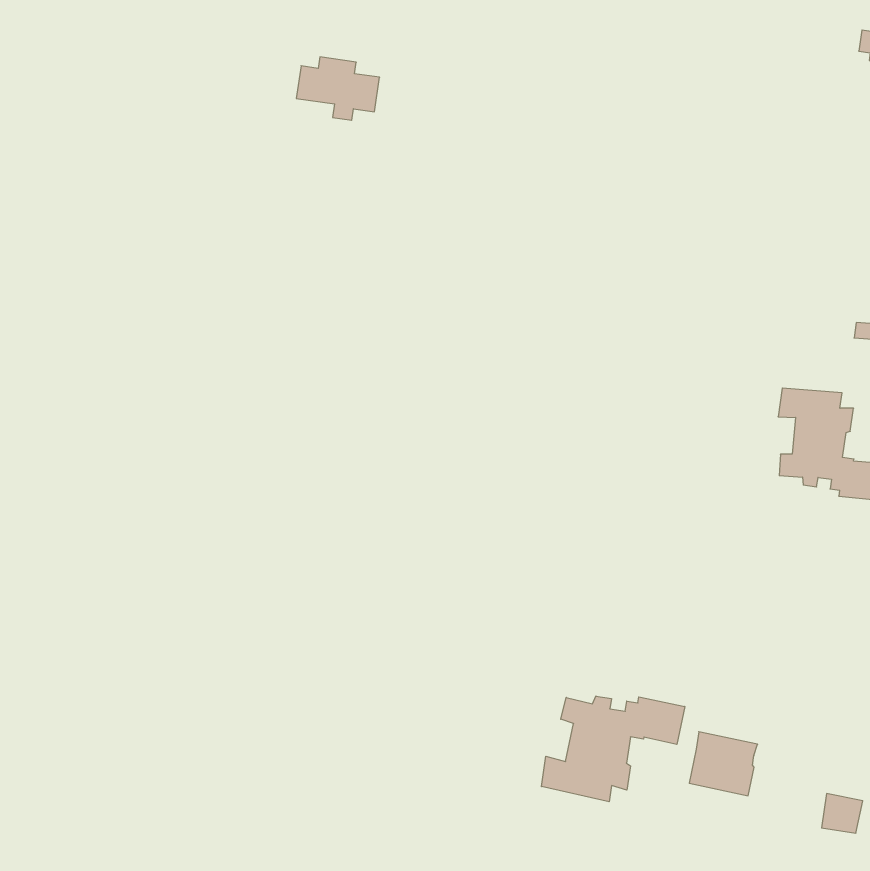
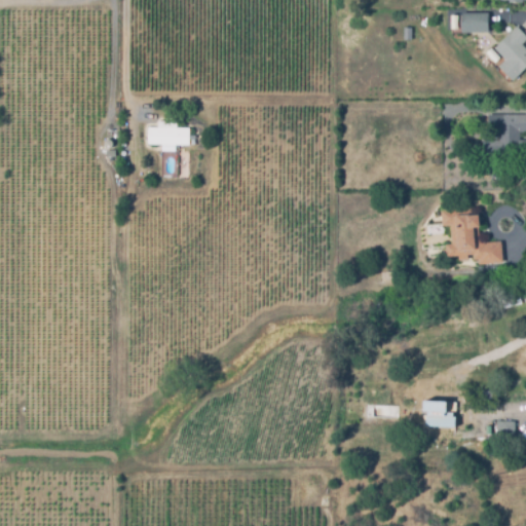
building: [296,57,380,120] -> [148,120,190,151]
building: [541,696,685,802] -> none

